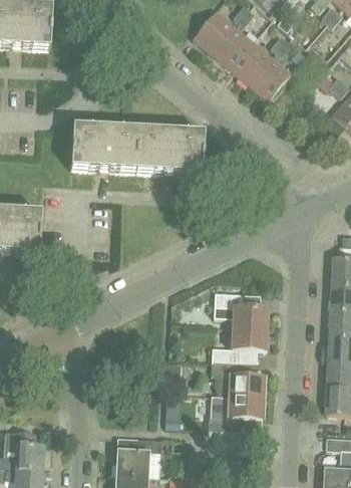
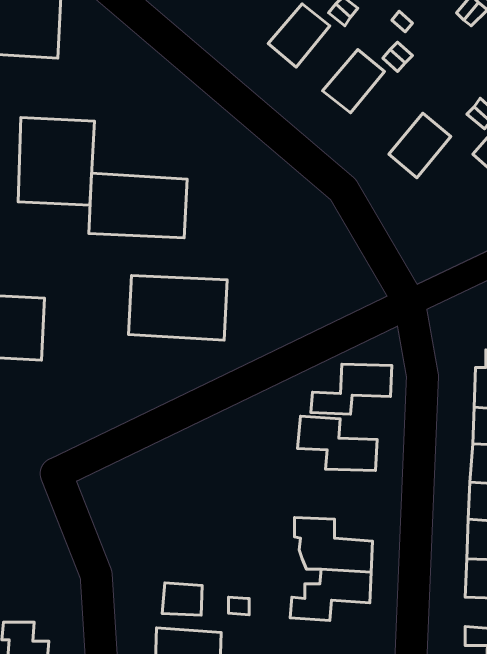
building: [212,27,254,71] -> none
building: [249,58,291,102] -> [389,113,451,178]
building: none -> [18,118,94,205]
building: [135,132,203,176] -> [129,276,227,340]
building: [211,329,266,363] -> [311,364,392,414]
building: none -> [162,583,202,615]

